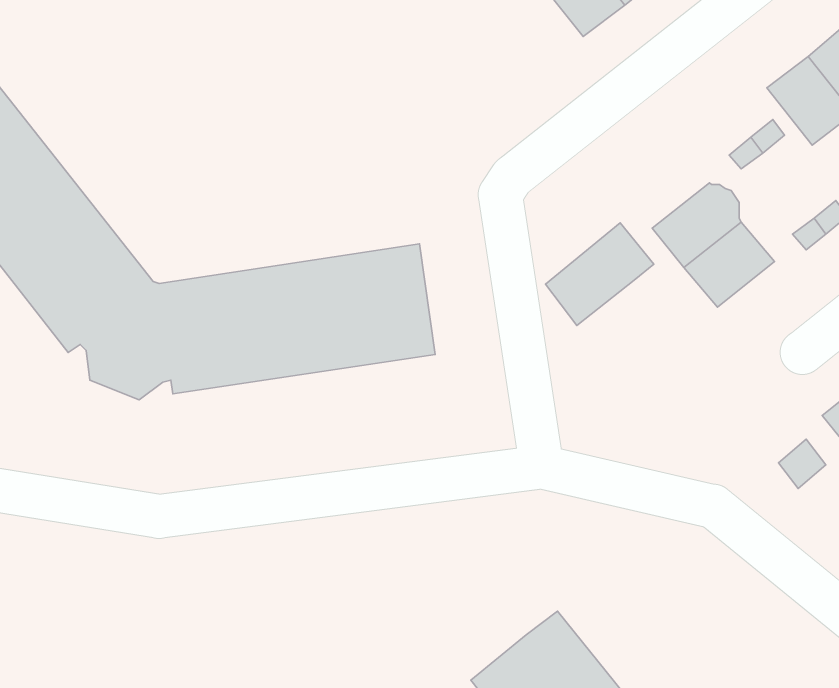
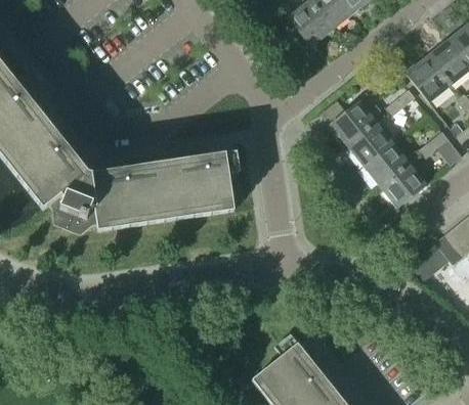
building: [545,223,654,326] -> [330,91,386,144]
building: none -> [380,162,426,207]

